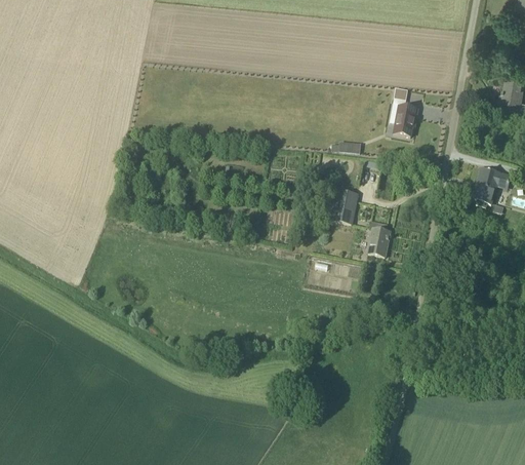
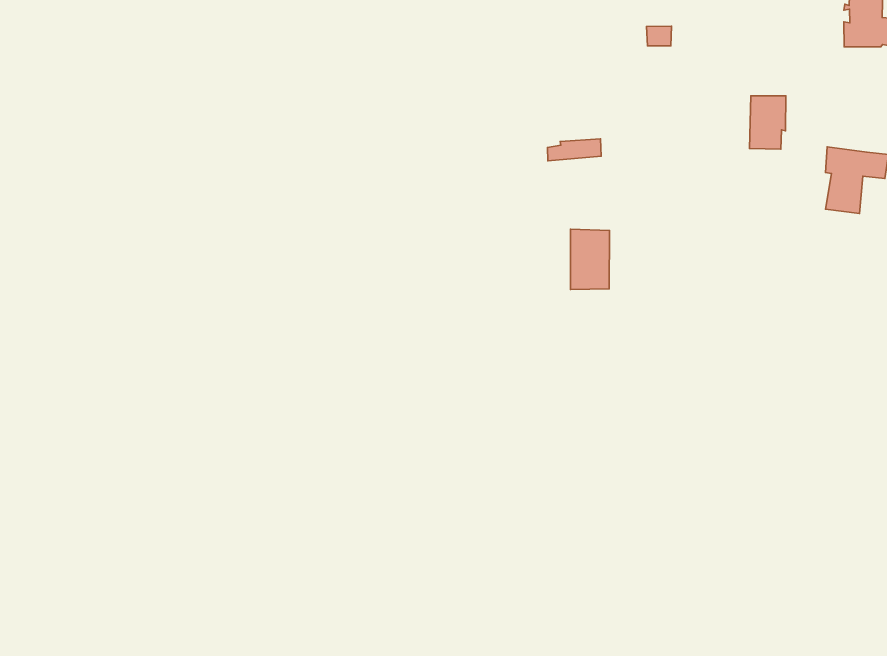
building: [394,105,417,135] -> [750,96,786,149]
building: [367,220,390,256] -> none

